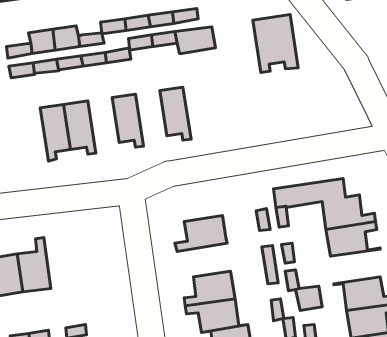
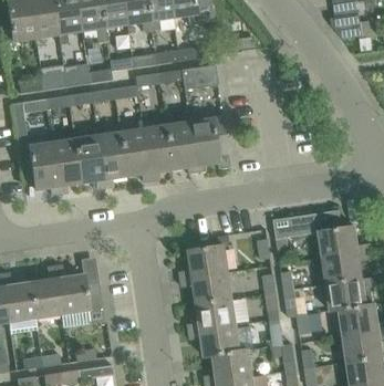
building: [253,15,298,72] -> [186,116,229,171]
building: none -> [141,125,170,178]
building: none -> [95,132,125,185]
building: none -> [25,134,58,194]
building: none -> [53,264,103,324]
building: none -> [180,271,231,303]
building: none -> [326,277,375,310]

